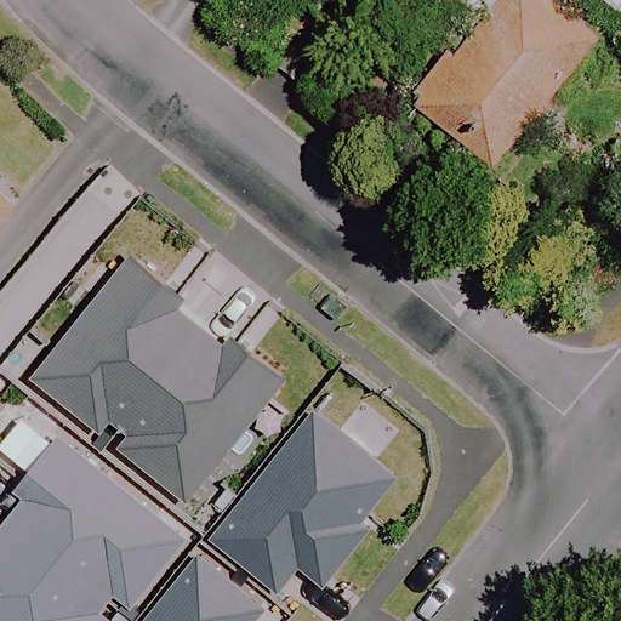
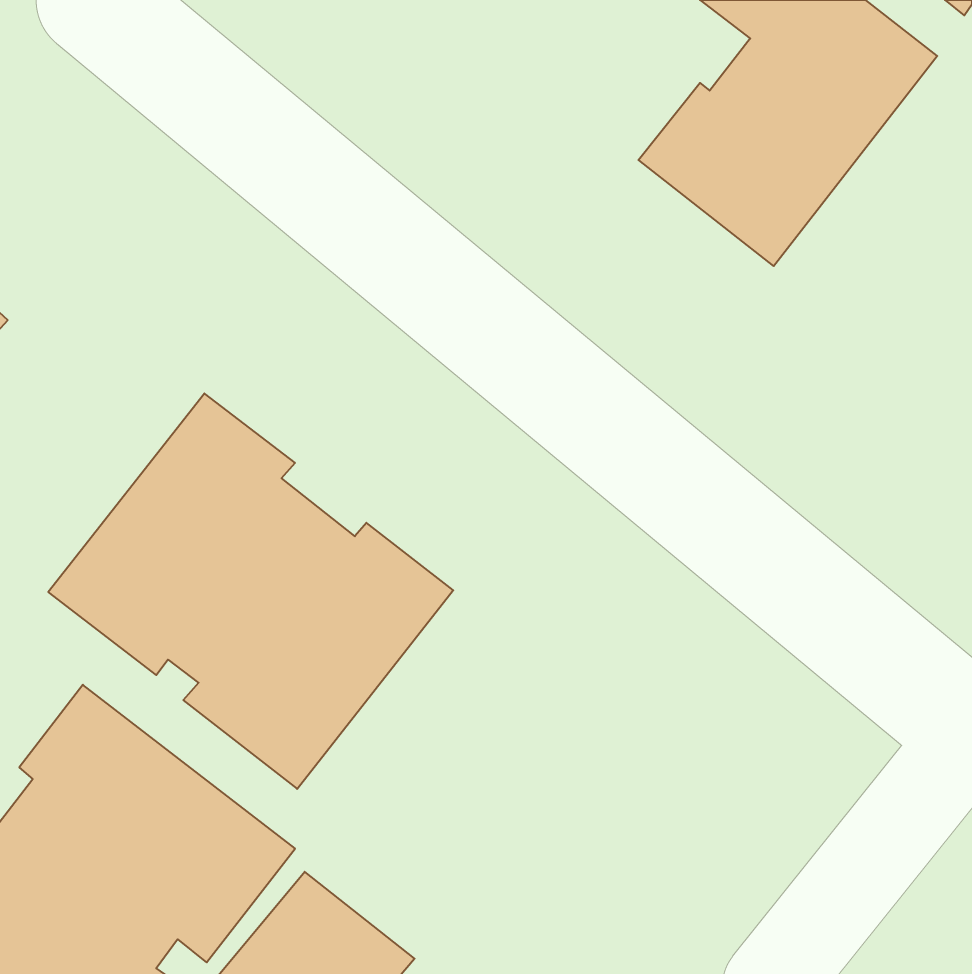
building: [210,411,395,592] -> none

